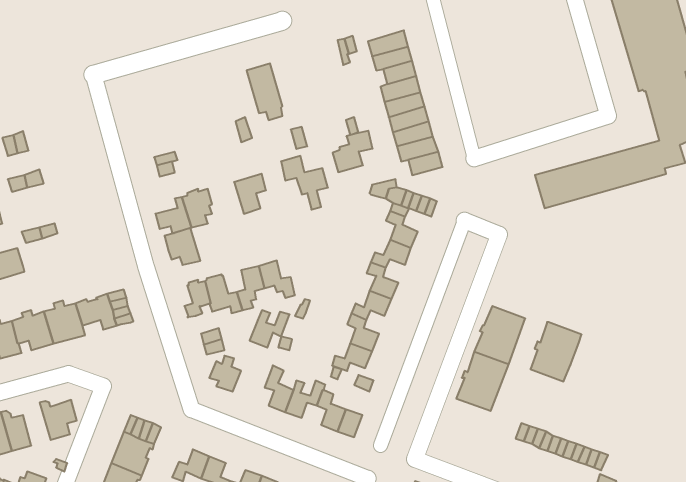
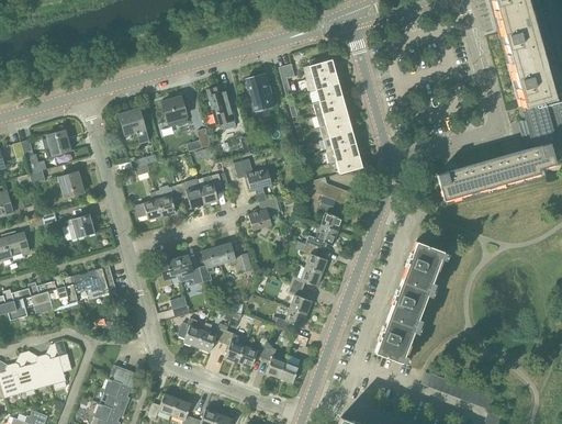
building: none -> [248,72,276,110]
building: none -> [164,97,189,126]
building: none -> [120,108,150,145]
building: none -> [46,129,72,156]
building: [333,131,373,172] -> [248,197,280,230]
building: none -> [59,171,85,198]
building: none -> [67,213,95,239]
building: [164,228,200,265] -> [177,178,205,208]
building: [250,310,290,348] -> [196,322,228,352]
building: [530,322,582,381] -> [403,241,443,288]
building: none -> [30,355,52,389]

